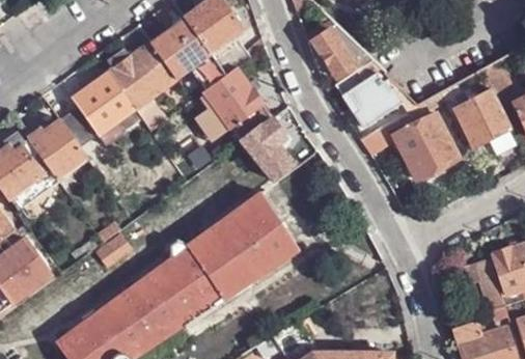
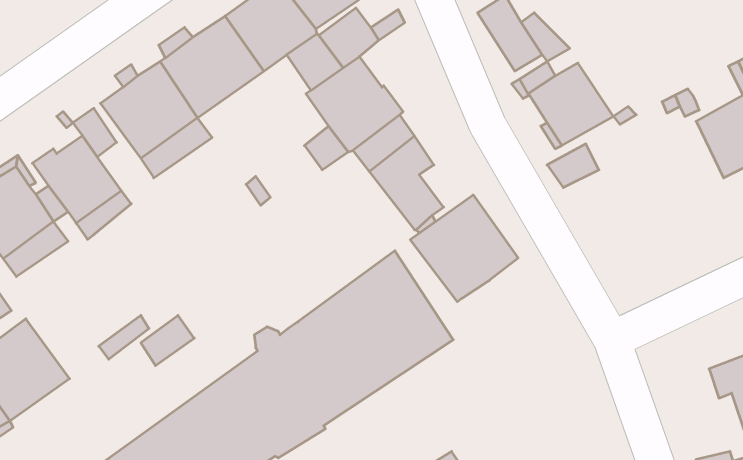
building: [393,114,458,181] -> none
building: none -> [410,195,518,302]

